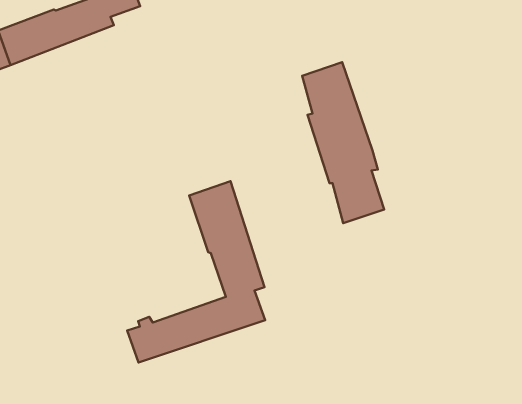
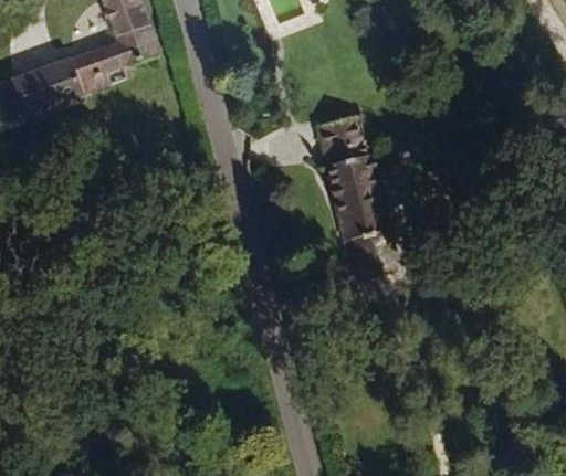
building: [127,181,265,362] -> none

